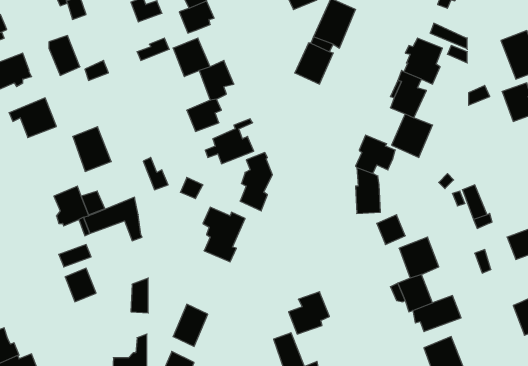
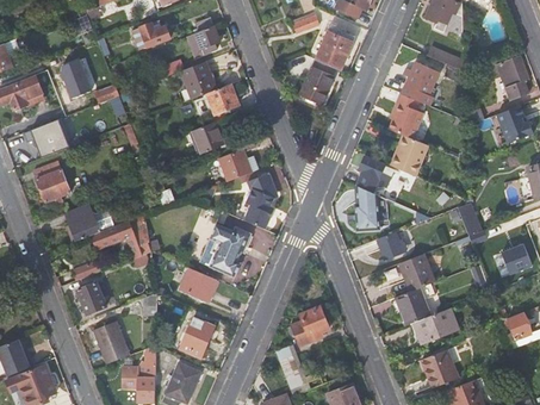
building: [73,127,111,171] -> [33,160,70,203]
building: none -> [180,267,217,300]
building: none -> [92,320,130,364]

